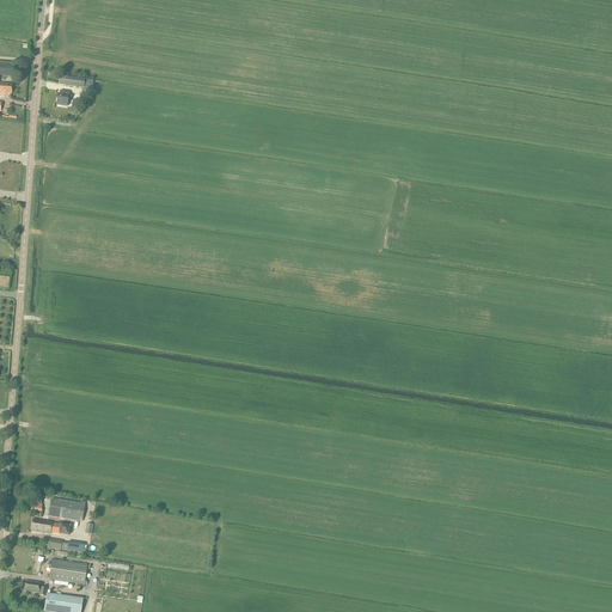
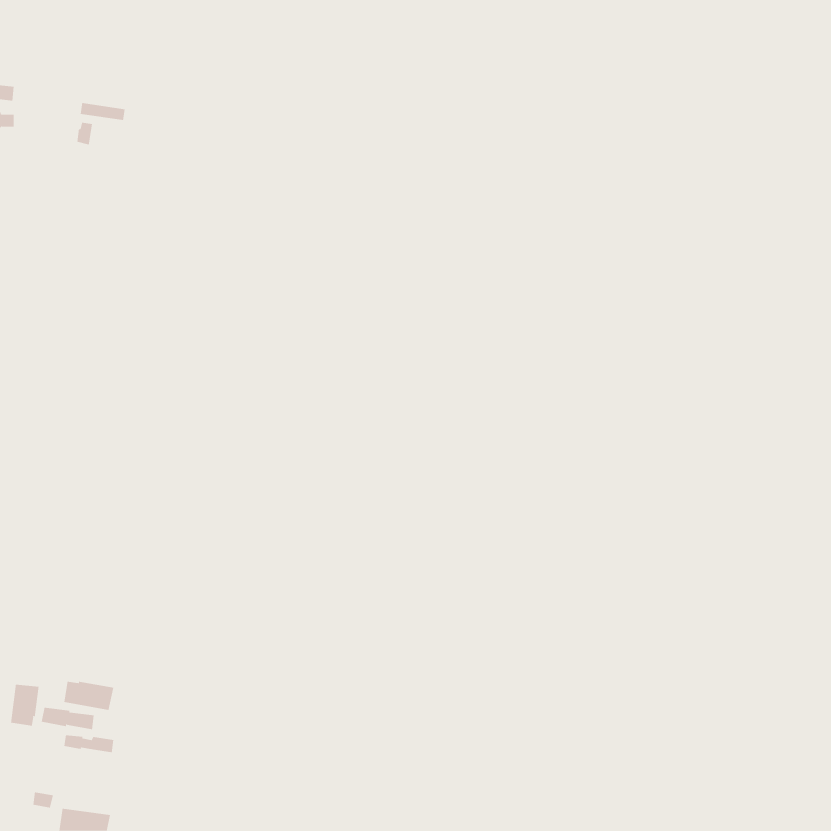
building: none -> [11,684,39,726]
building: [48,559,86,585] -> none

